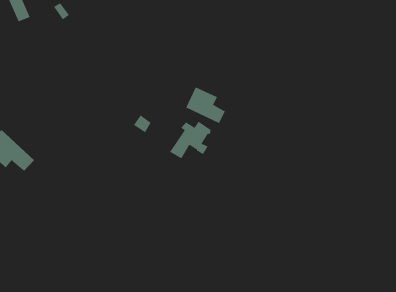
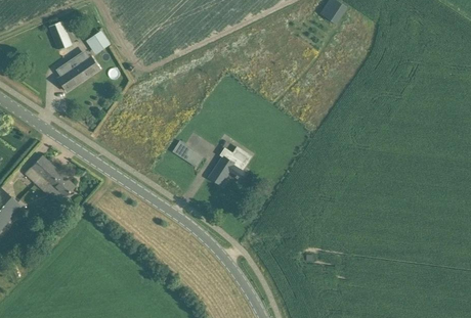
building: none -> [57,56,98,91]
building: [185,86,225,124] -> none

